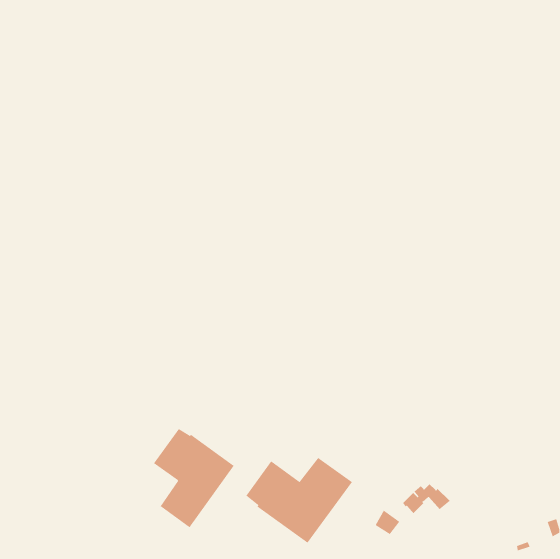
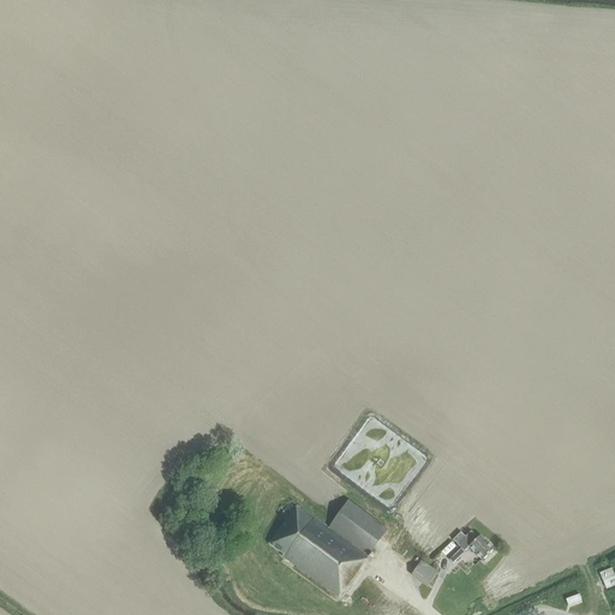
building: [153,428,235,528] -> none

